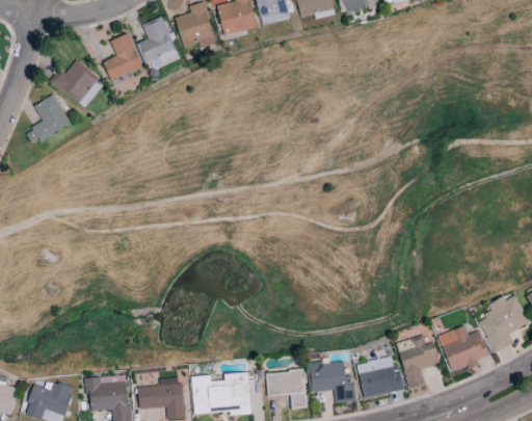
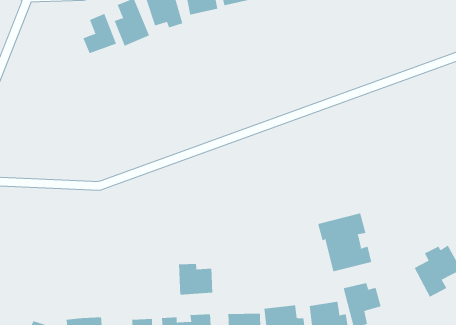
building: [49,61,105,107] -> none
building: [26,95,71,146] -> none
building: none -> [318,213,372,272]
building: none -> [178,263,213,295]
building: [438,325,489,371] -> none

